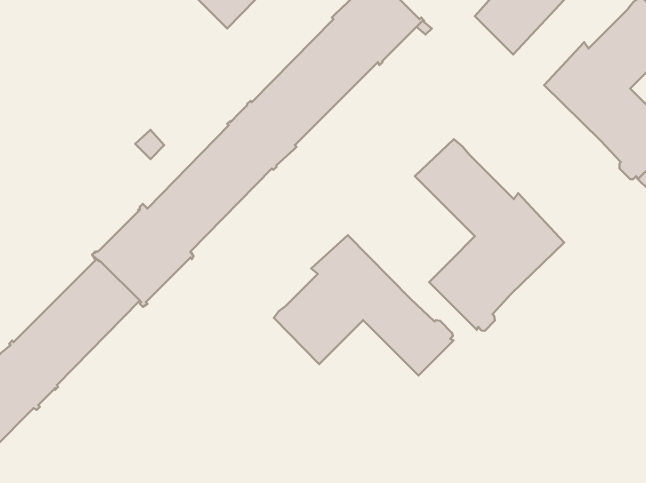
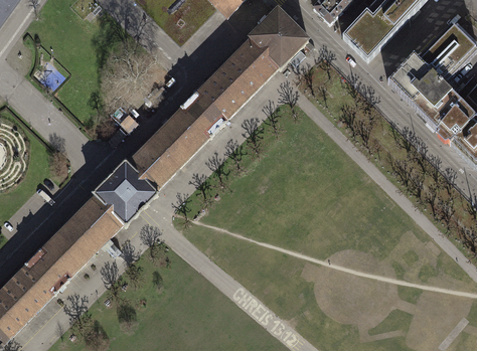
building: [415,139,564,331] -> none
building: [274,235,453,376] -> none

